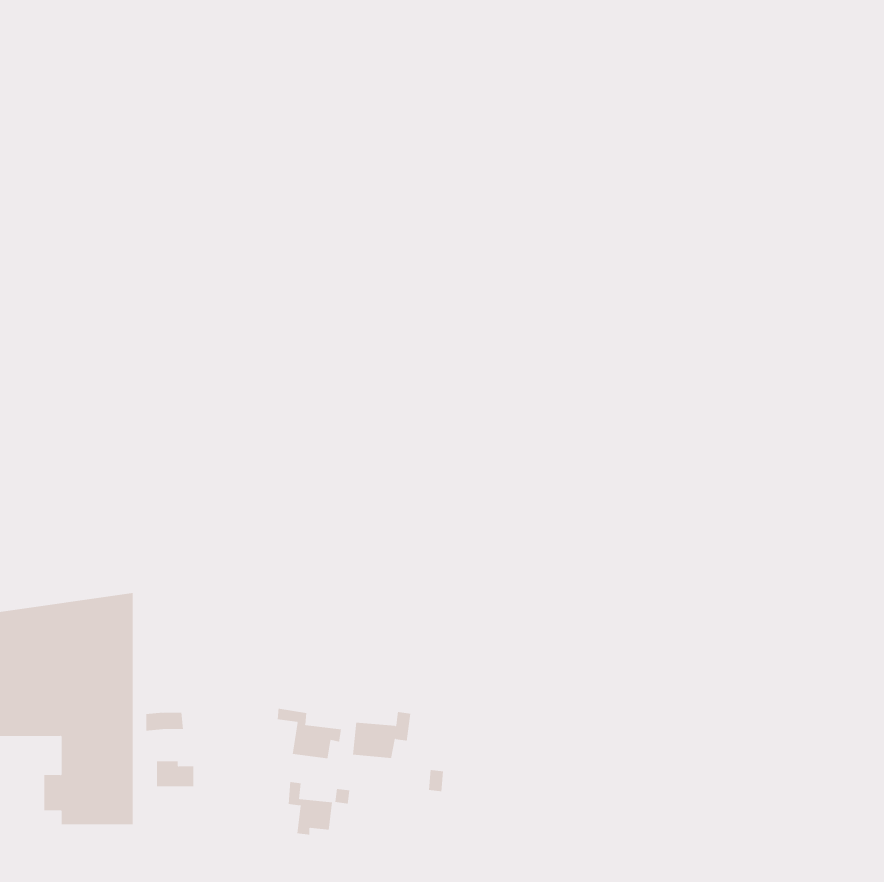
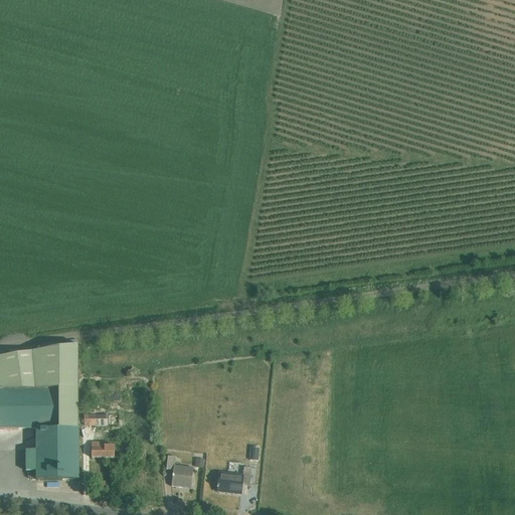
building: [277,708,341,759] -> none
building: [352,712,411,758] -> [216,466,250,493]

